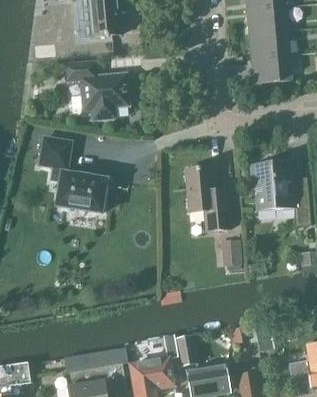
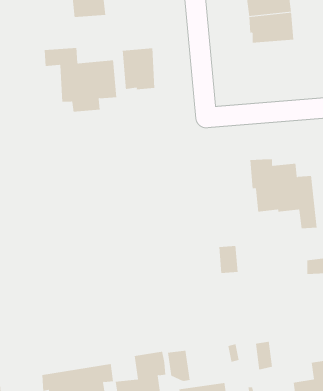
building: [252,55,293,83] -> none
building: none -> [122,48,155,90]
building: [39,139,110,214] -> none
building: [187,166,231,229] -> none

